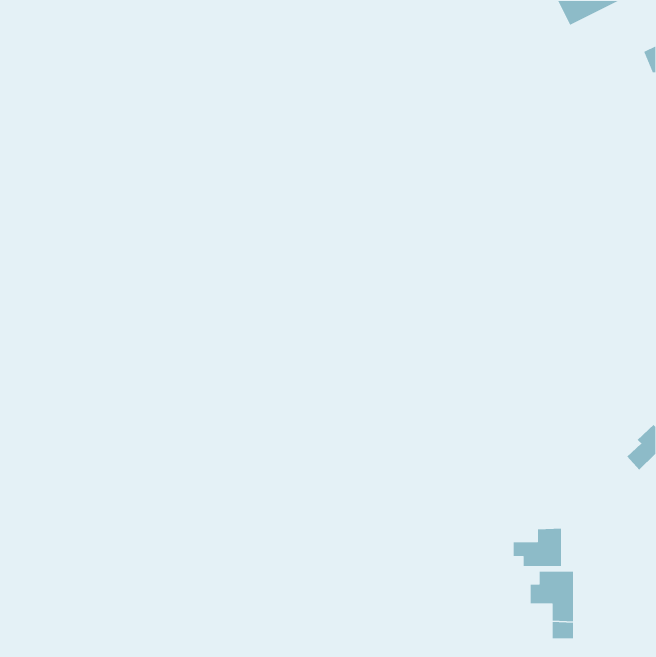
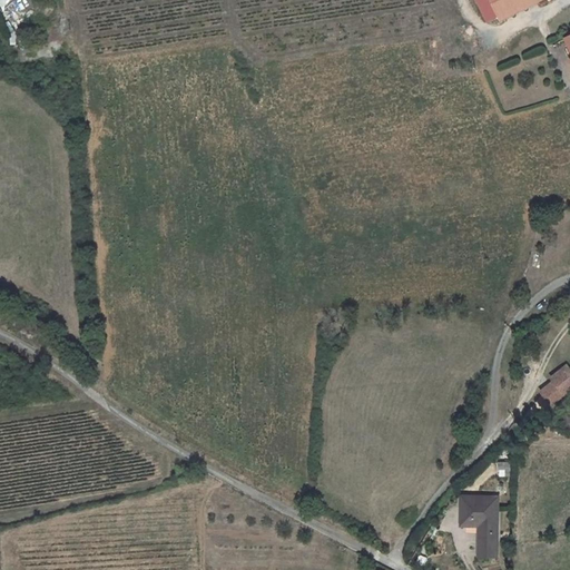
building: [513,528,562,567] -> none

